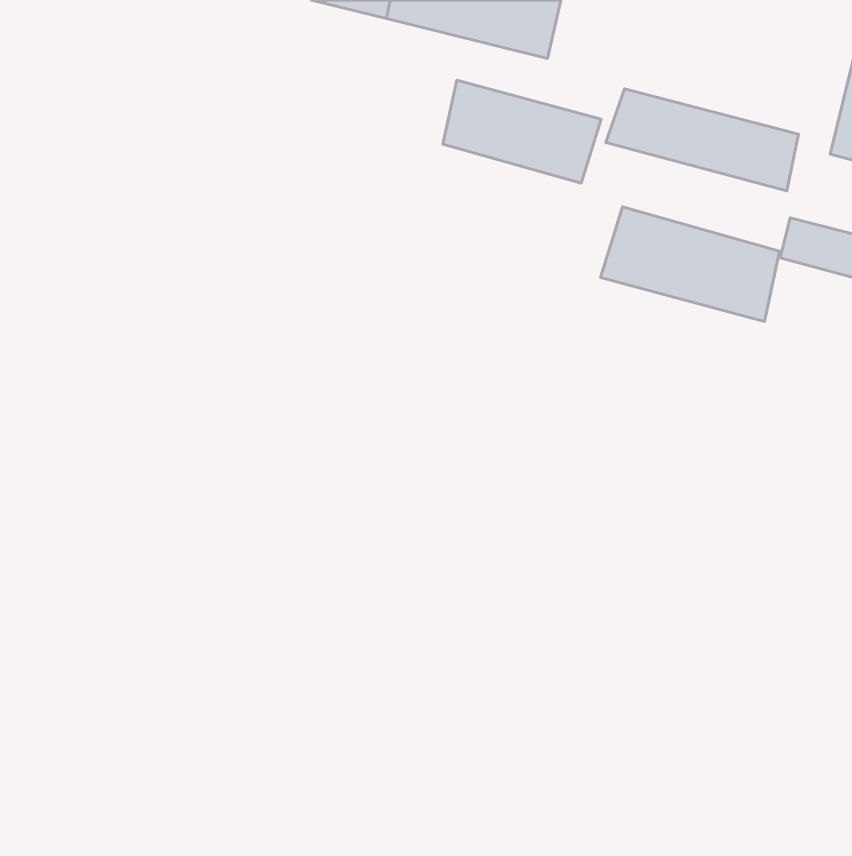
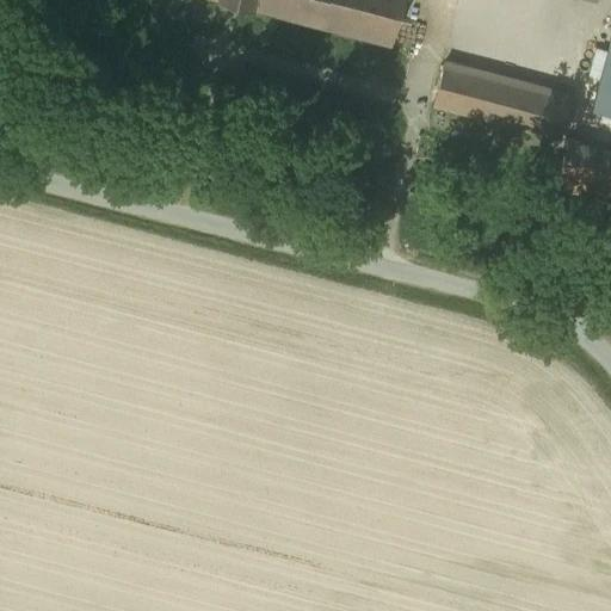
building: [443,80,601,183] -> none
building: [600,207,780,322] -> none

